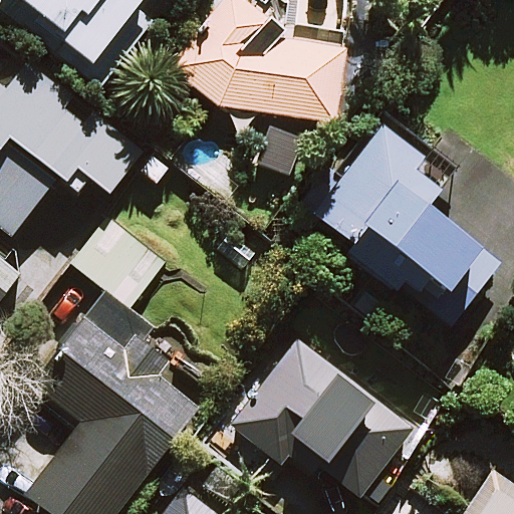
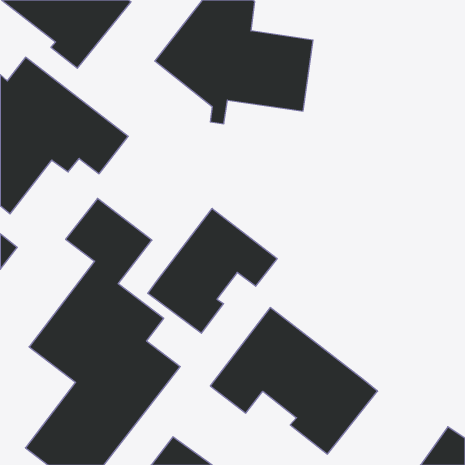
building: [307,118,498,323] -> none
building: none -> [148,208,277,333]

